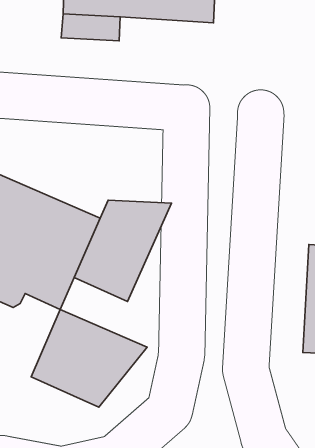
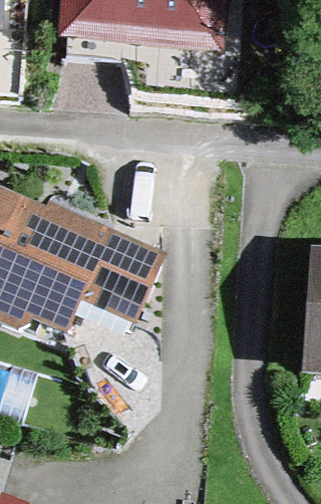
building: [31,309,147,407] -> none

